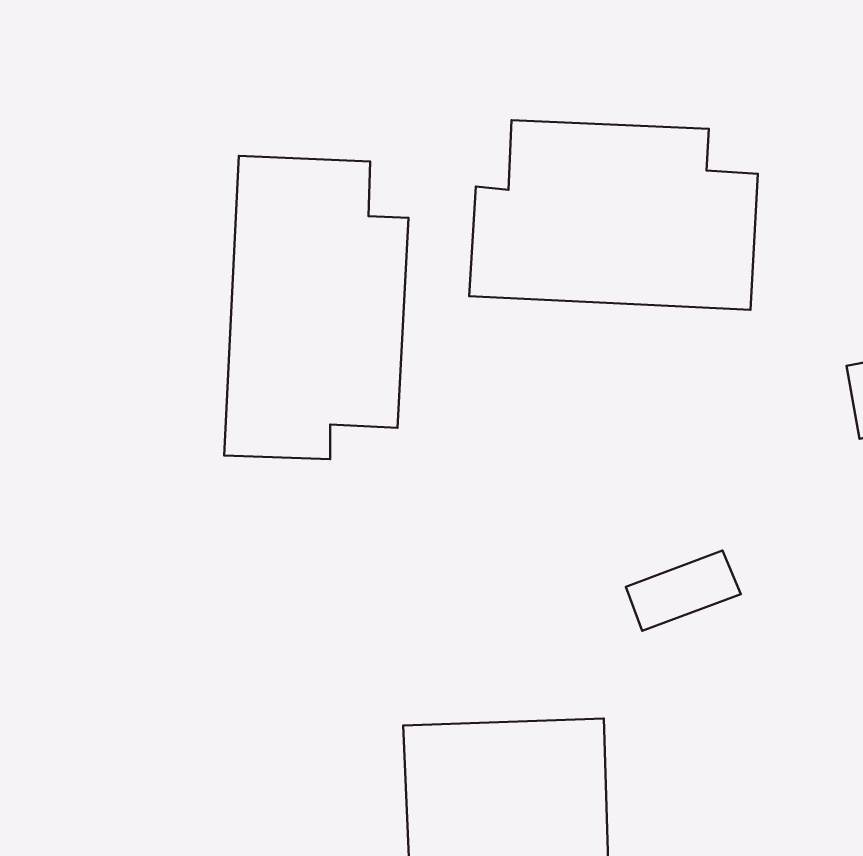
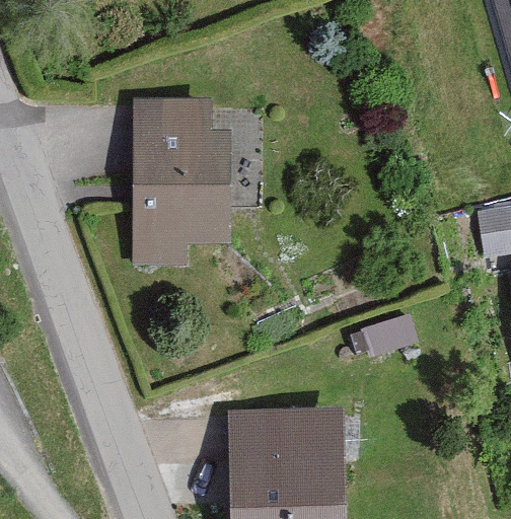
building: [469,120,758,310] -> none

